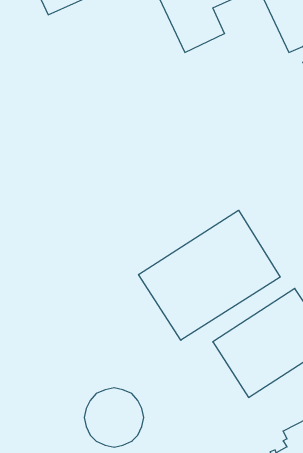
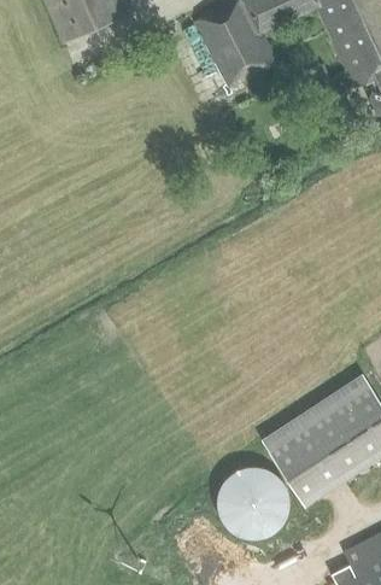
building: [139,210,280,340] -> none
building: [84,388,144,447] -> [215,467,287,539]

